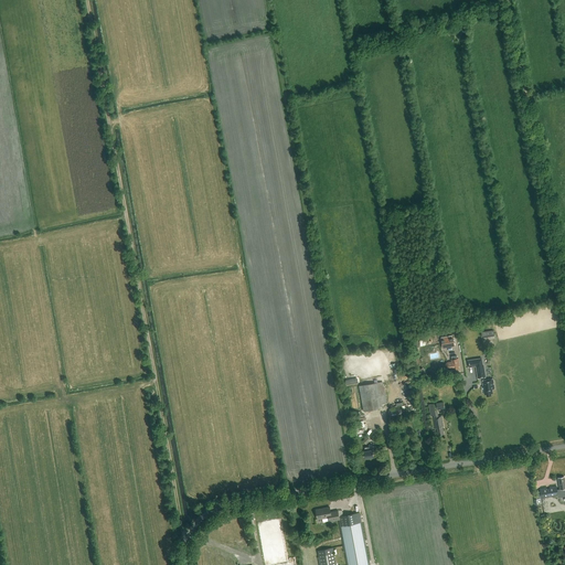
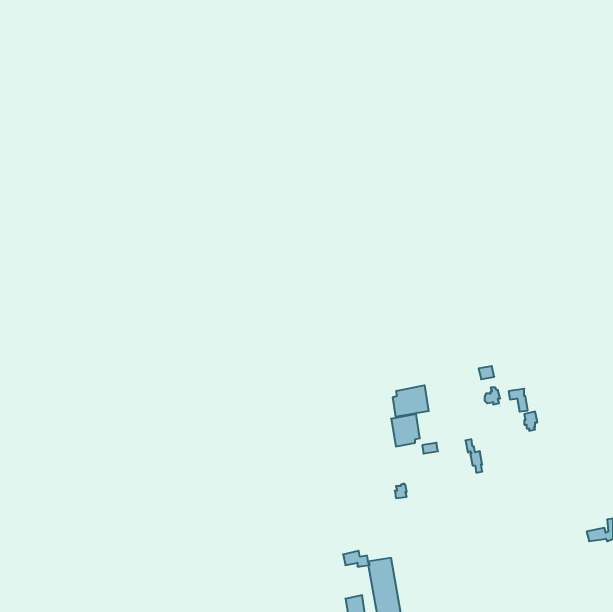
building: none -> [393,385,429,417]

